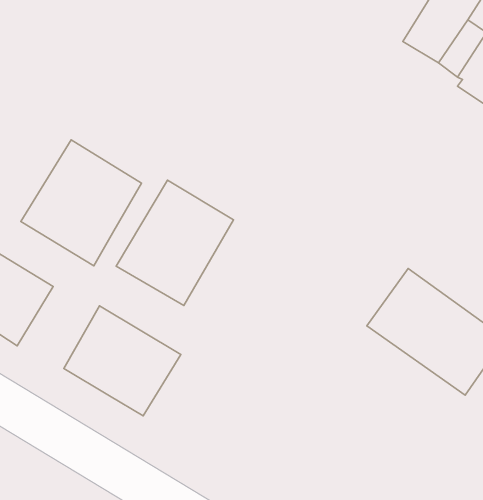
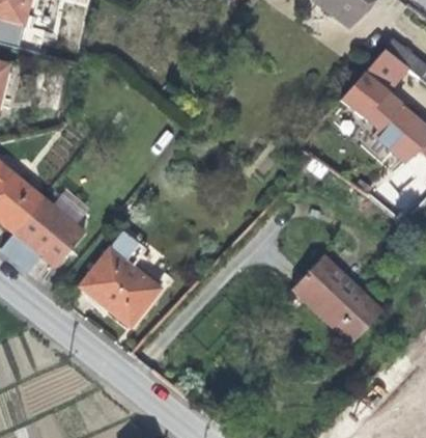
building: [21,140,141,266] -> none
building: [116,180,234,306] -> none

